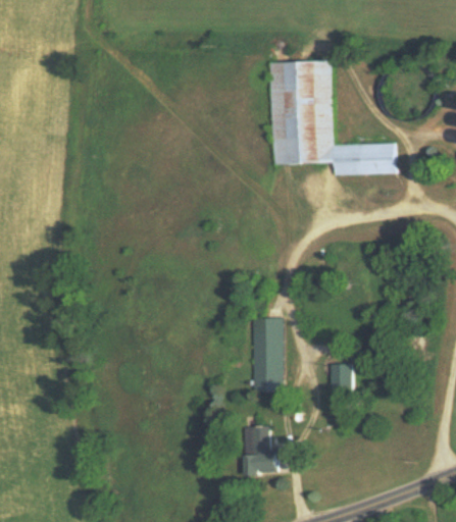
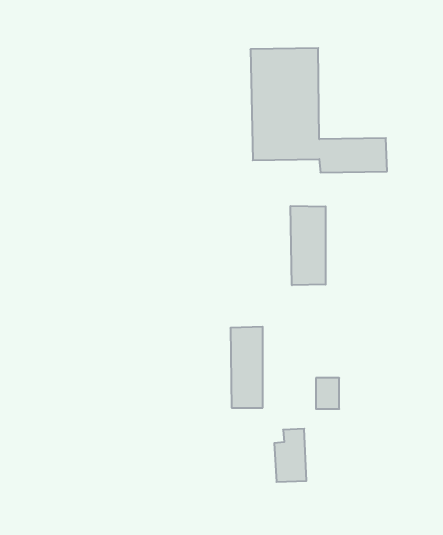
building: none -> [291,206,326,285]
building: [245,425,274,474] -> [274,429,306,482]

